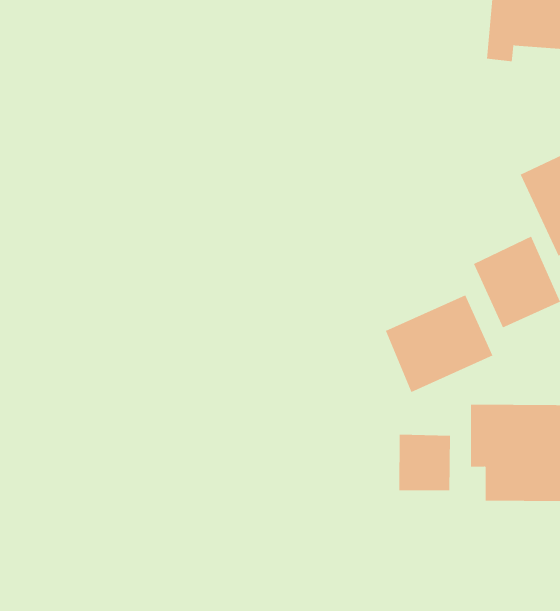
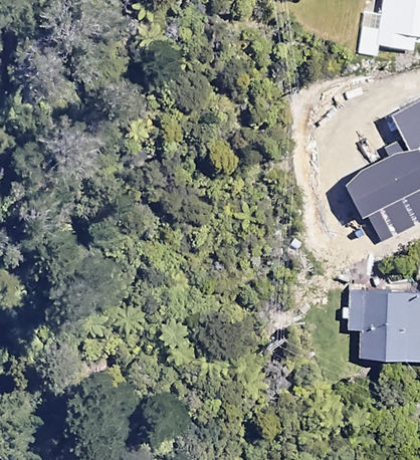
building: [385,295,493,393] -> none
building: [399,434,451,491] -> none

